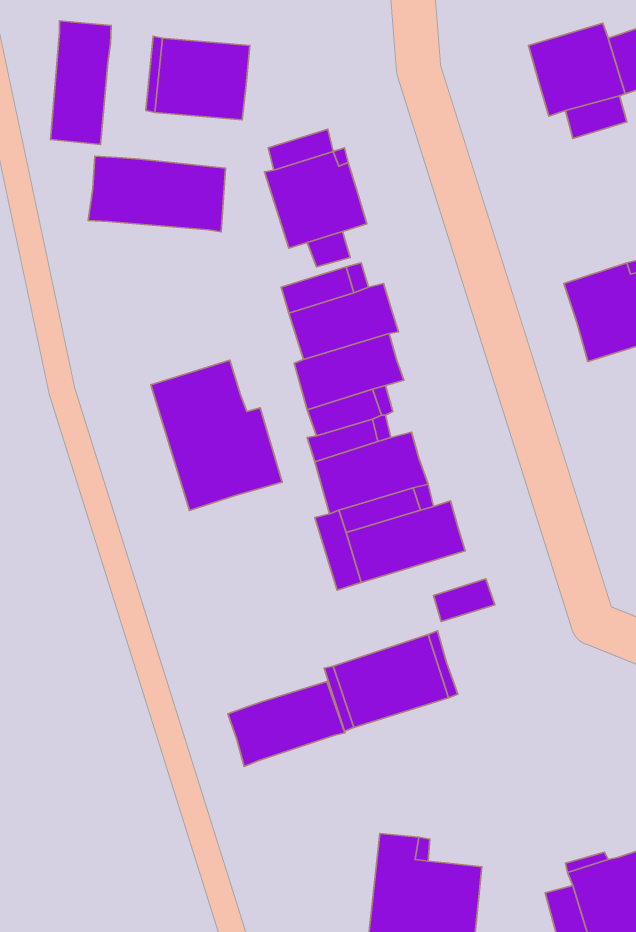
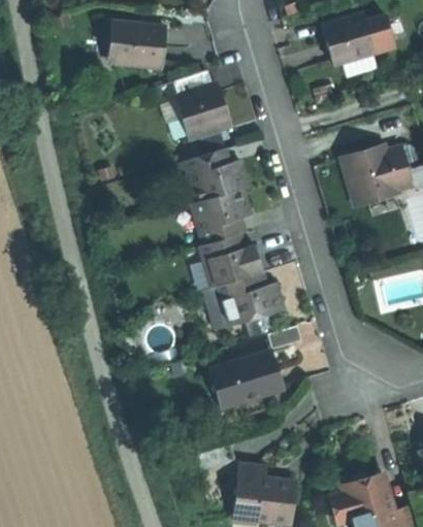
building: [51,21,111,144] -> none
building: [88,156,226,232] -> none
building: [151,360,282,511] -> none
building: [228,681,345,766] -> none

